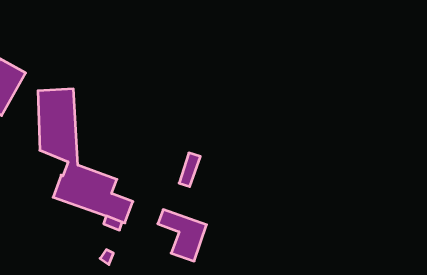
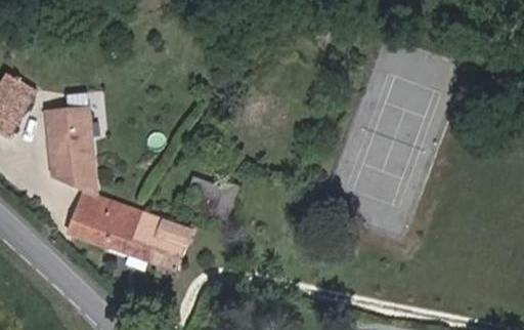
building: [158,210,207,261] -> [134,211,190,271]

